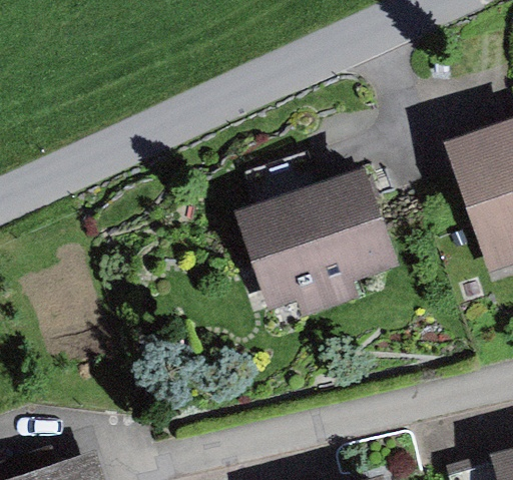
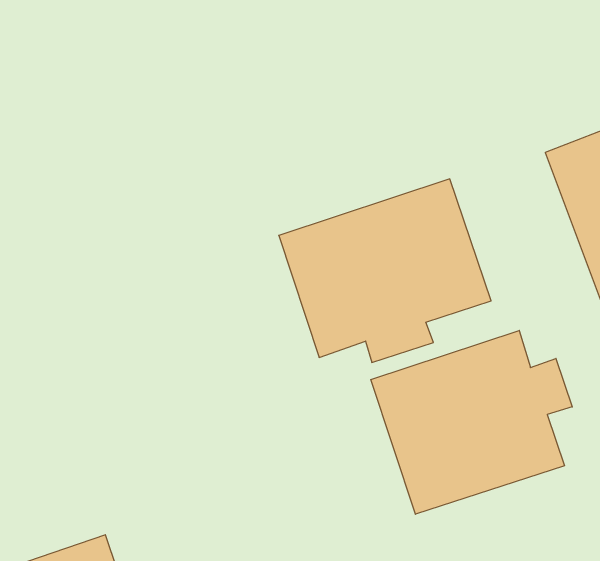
building: none -> [371,330,572,514]

